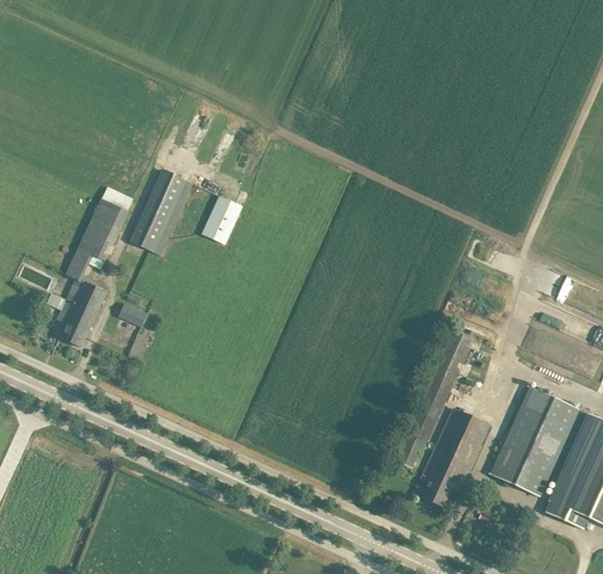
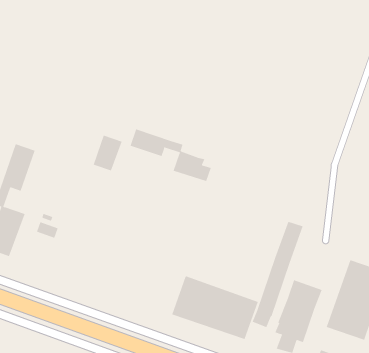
building: [129,169,192,254] -> none
building: none -> [130,128,212,182]
building: none -> [171,276,258,340]

